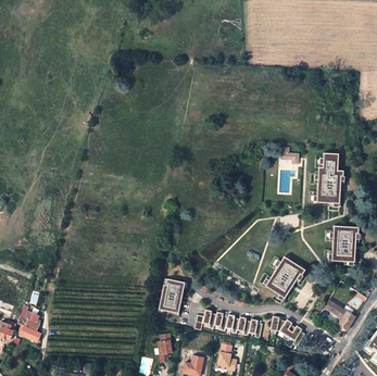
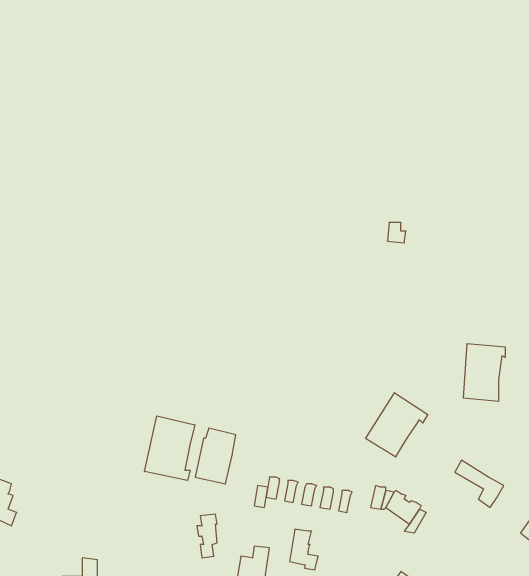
building: [314,153,341,203] -> none
building: none -> [145,416,195,480]

